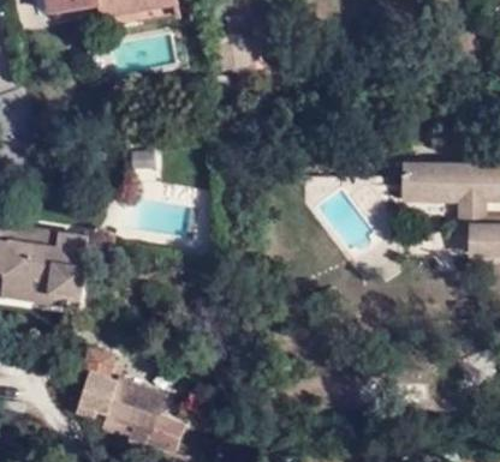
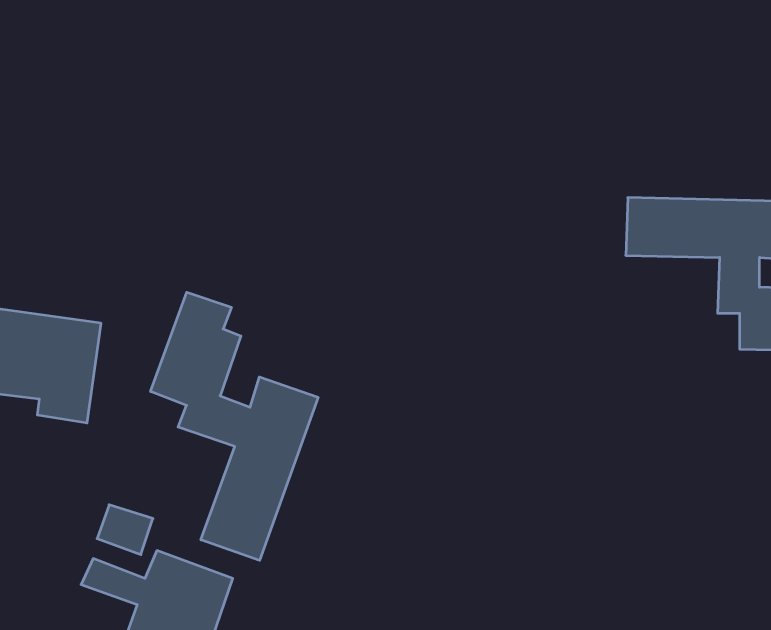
building: none -> [151,292,318,560]

